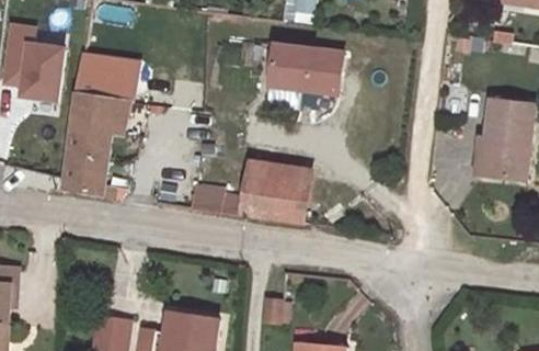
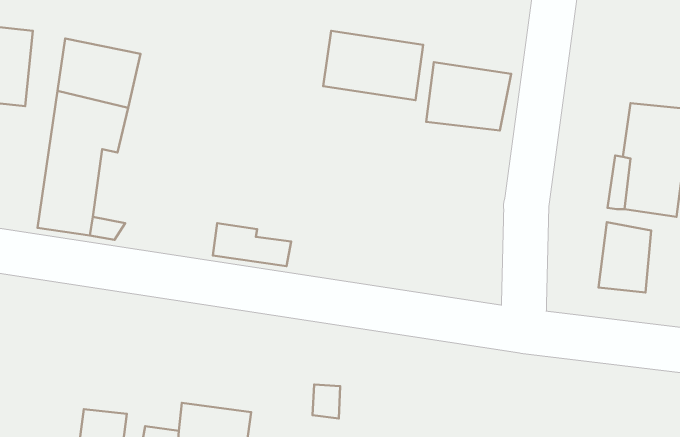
building: none -> [426,62,511,130]
building: [243,171,310,224] -> none
building: none -> [598,222,651,292]

